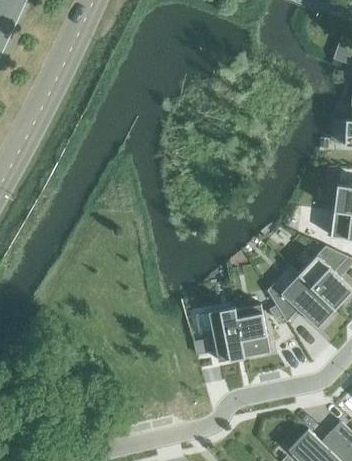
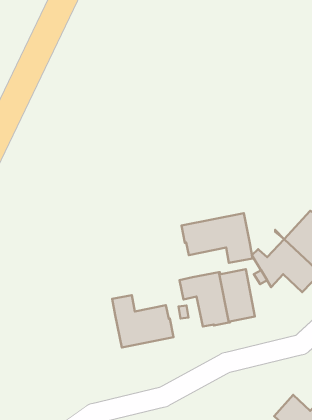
building: none -> [182,213,253,263]
building: none -> [112,295,173,347]

